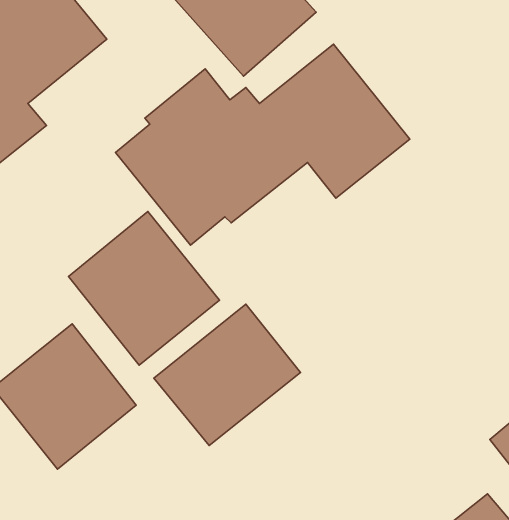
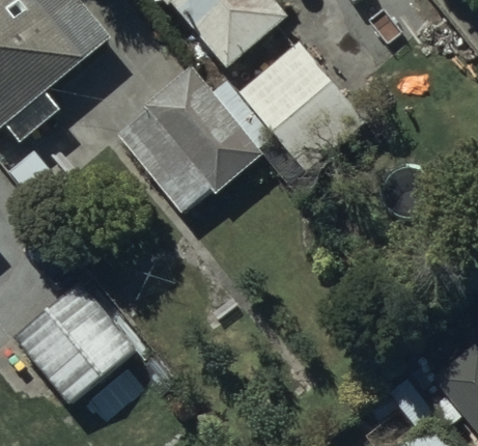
building: [68,211,220,365] -> none
building: [154,304,301,445] -> none

